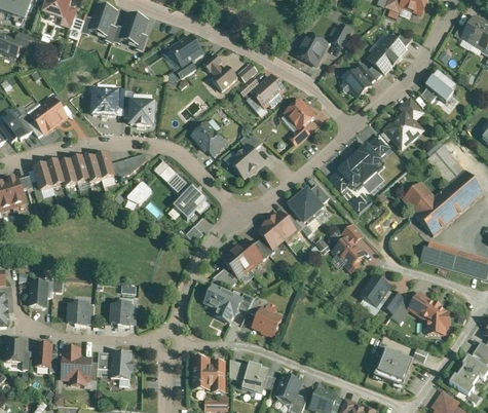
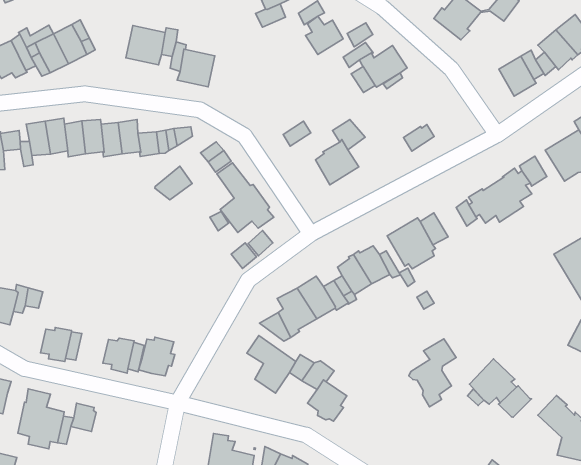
building: [287,100,313,128] -> none
building: [191,122,219,150] -> none
building: [333,224,363,271] -> [409,339,456,407]
building: [110,353,133,378] -> [139,337,175,376]

